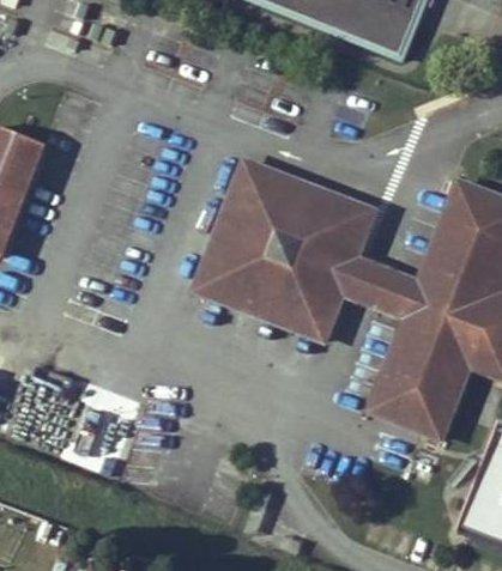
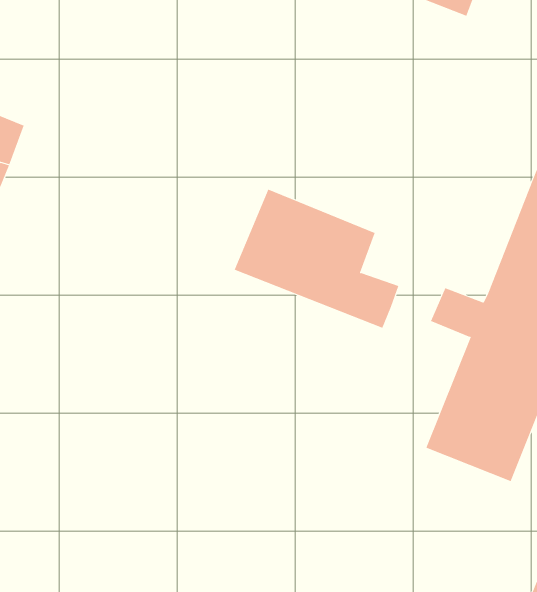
building: [195,158,422,339] -> none

